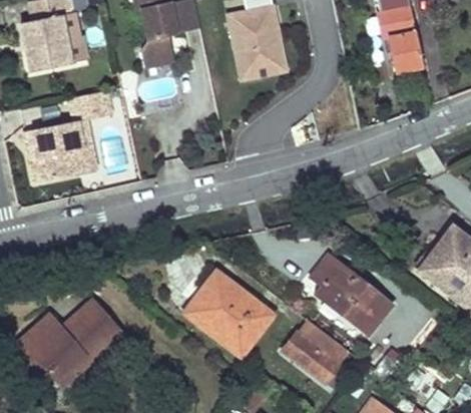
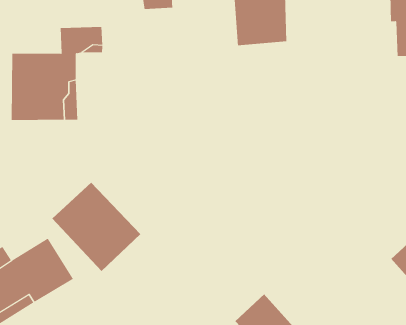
building: [311,254,389,331] -> none
building: [182,271,271,355] -> [52,182,141,272]

